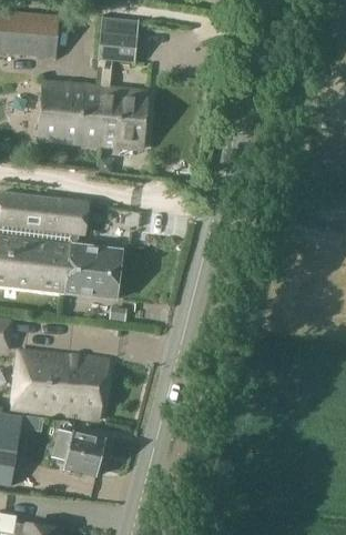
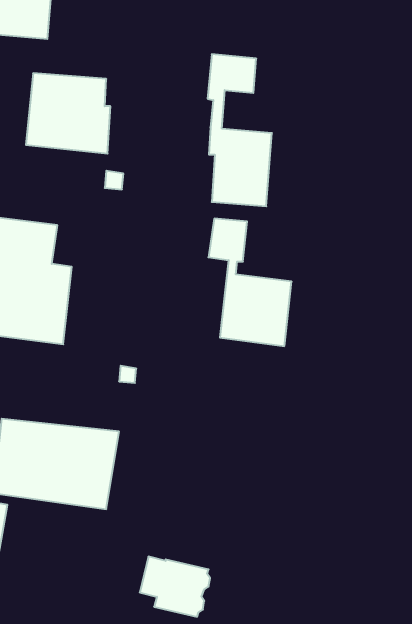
building: [98,30,147,148] -> [208,54,272,206]
building: [58,200,122,299] -> [208,219,292,346]
building: [53,428,108,475] -> [140,557,210,617]

